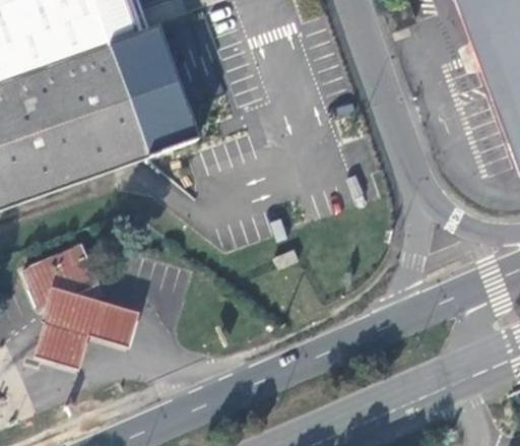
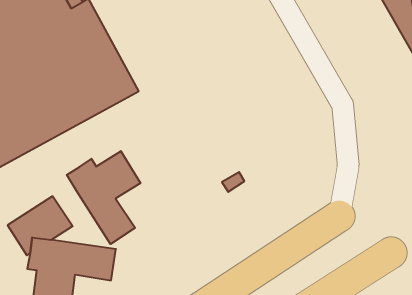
building: none -> [67,151,140,244]

